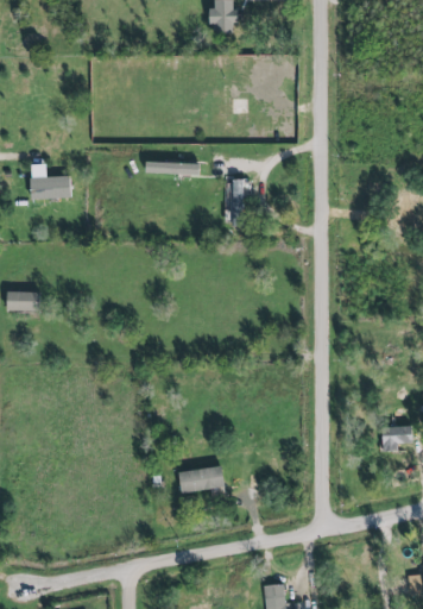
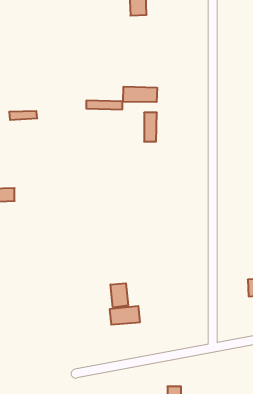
building: none -> [123,87,157,102]
building: none -> [111,283,128,307]

